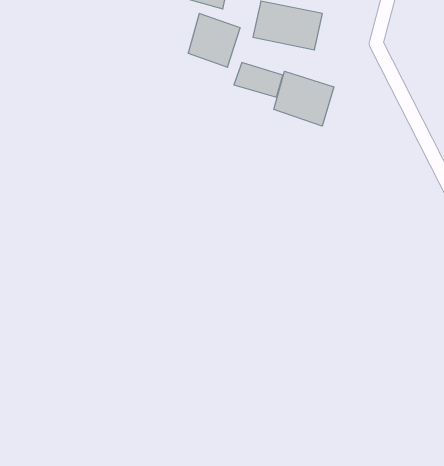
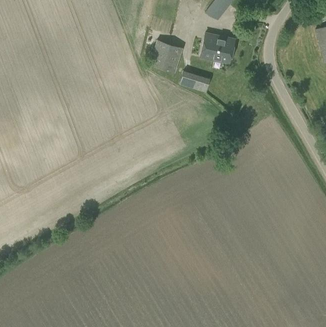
building: [274,71,334,126] -> none

